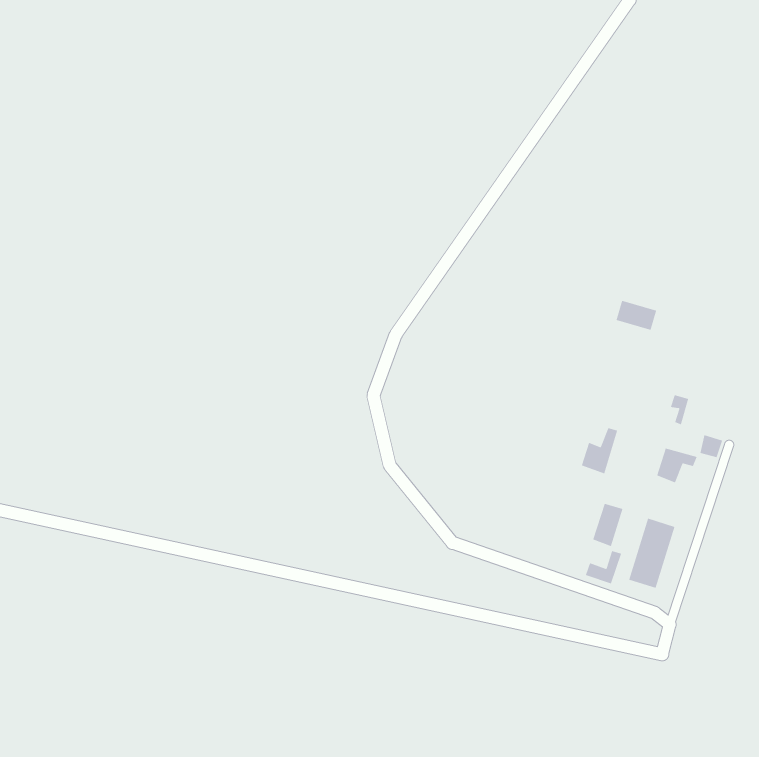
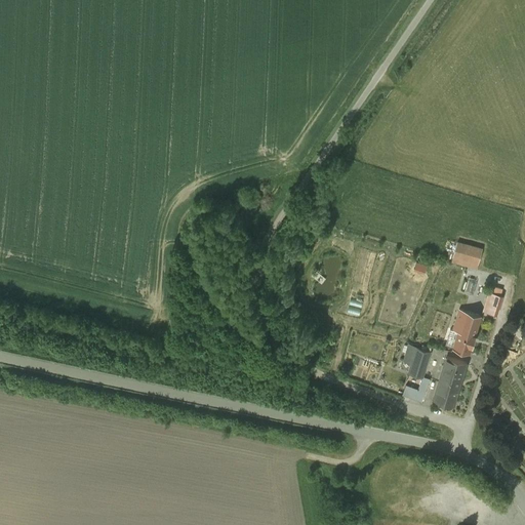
building: [615,300,657,331] -> [452,243,481,265]
building: [581,427,618,475] -> [452,322,478,355]

